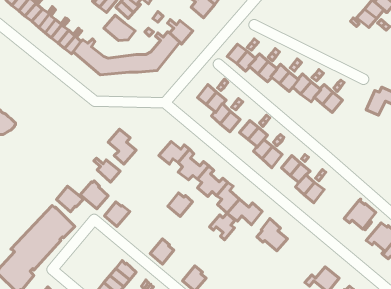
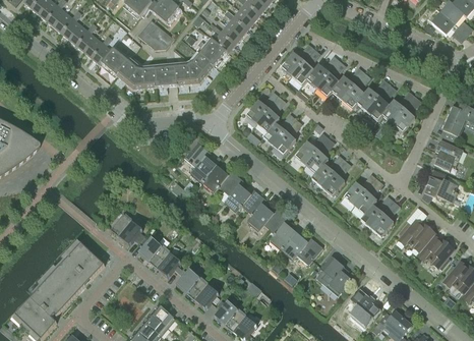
building: none -> [224,9,253,38]
building: none -> [434,139,463,170]
building: [108,129,136,164] -> [183,141,216,182]
building: none -> [424,175,458,203]
building: [94,158,120,182] -> none
building: [57,186,83,212] -> none
building: none -> [398,219,435,255]
building: [168,193,192,217] -> [177,269,205,296]
building: none -> [153,247,180,276]
building: [209,213,235,240] -> none
building: none -> [349,288,380,327]
building: none -> [215,300,243,328]

